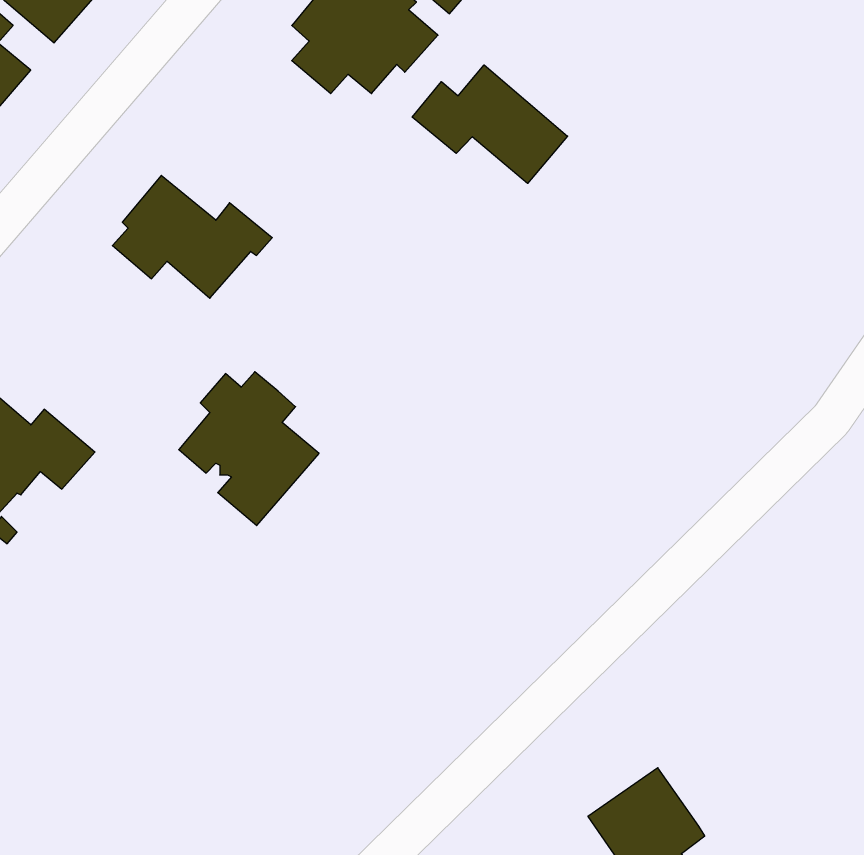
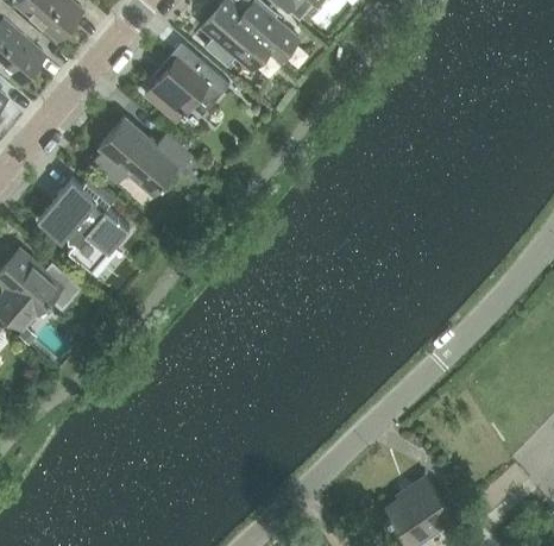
building: none -> [144,46,228,121]
building: [412,65,568,183] -> none
building: [179,372,319,526] -> [43,177,128,271]

